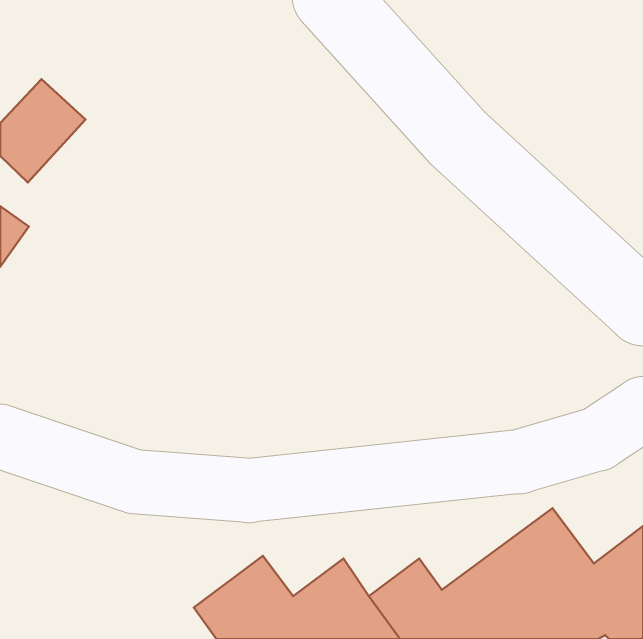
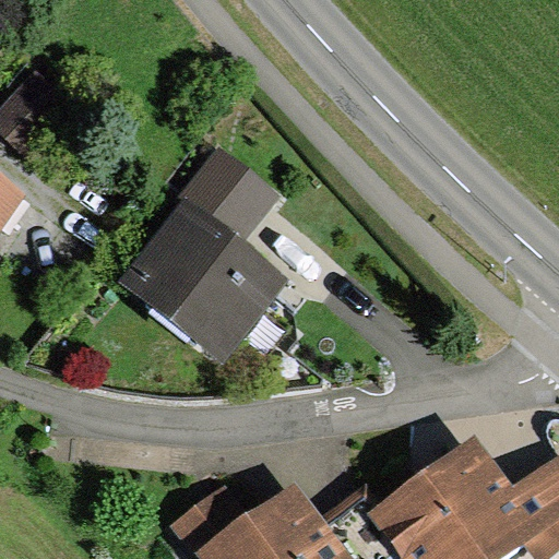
building: none -> [126,155,286,365]

